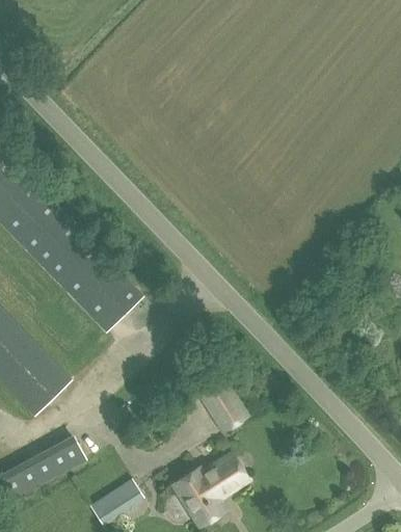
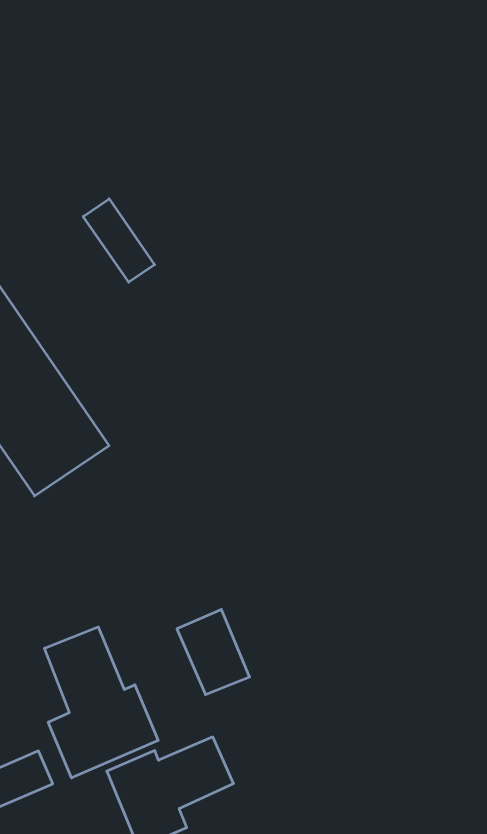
building: none -> [83,199,155,282]
building: none -> [45,627,158,778]

